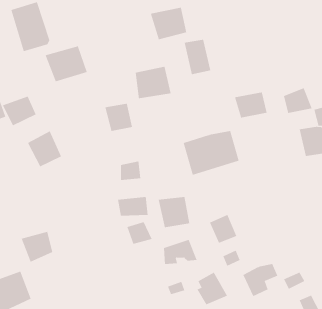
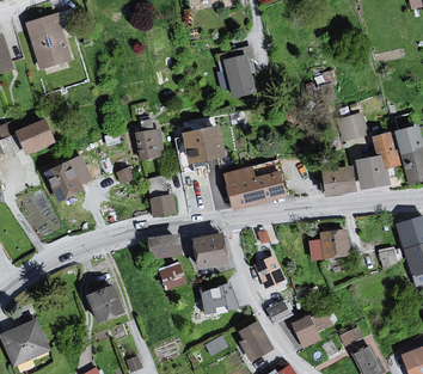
building: [150,7,187,40] -> none
building: [45,46,87,82] -> none
building: [135,66,172,99] -> [185,124,227,161]
building: [234,92,268,118] -> [321,164,360,194]
building: none -> [319,228,350,259]
building: [21,231,53,263] -> [86,287,123,323]

